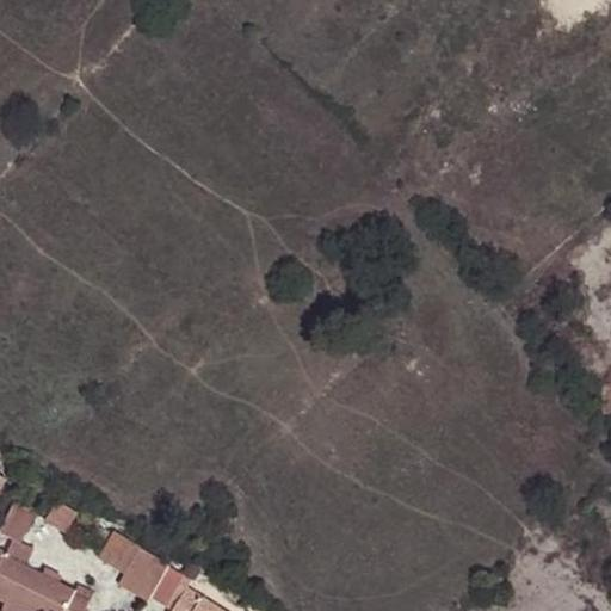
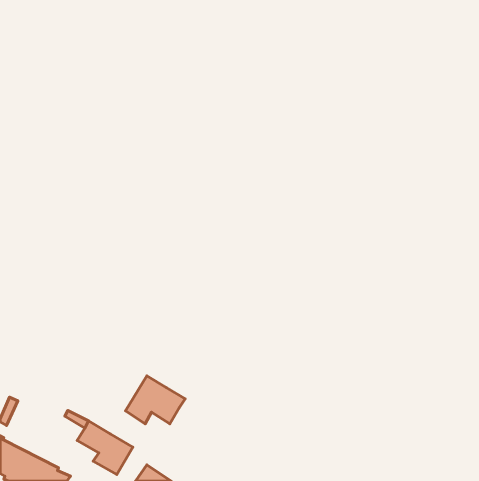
building: none -> [126,376,185,424]

